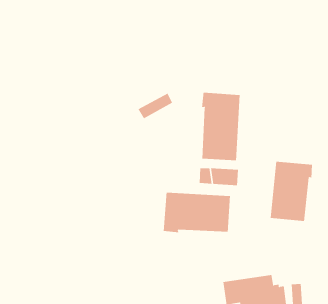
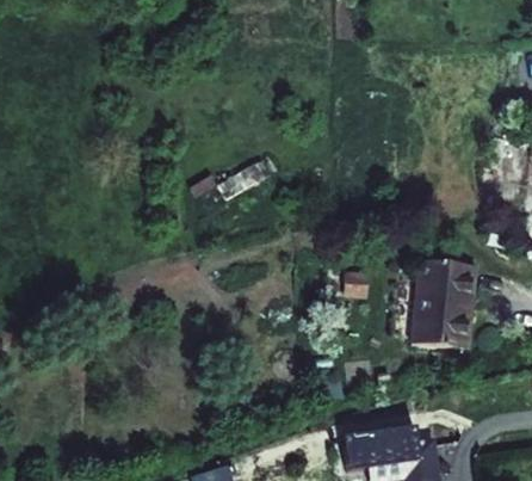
building: [202,92,240,161] -> none
building: [163,192,230,233] -> none

